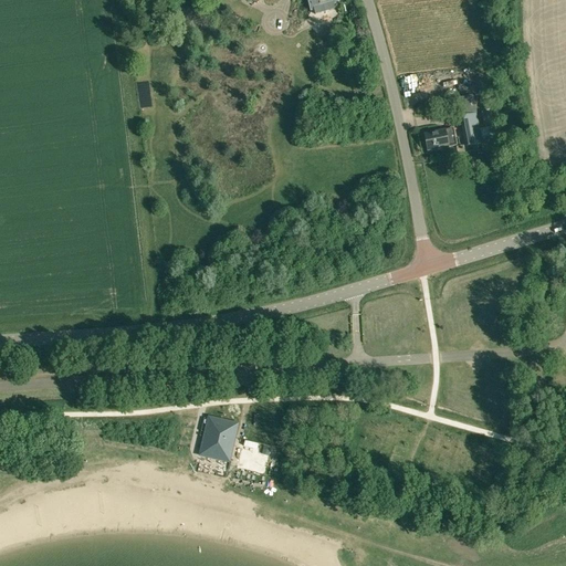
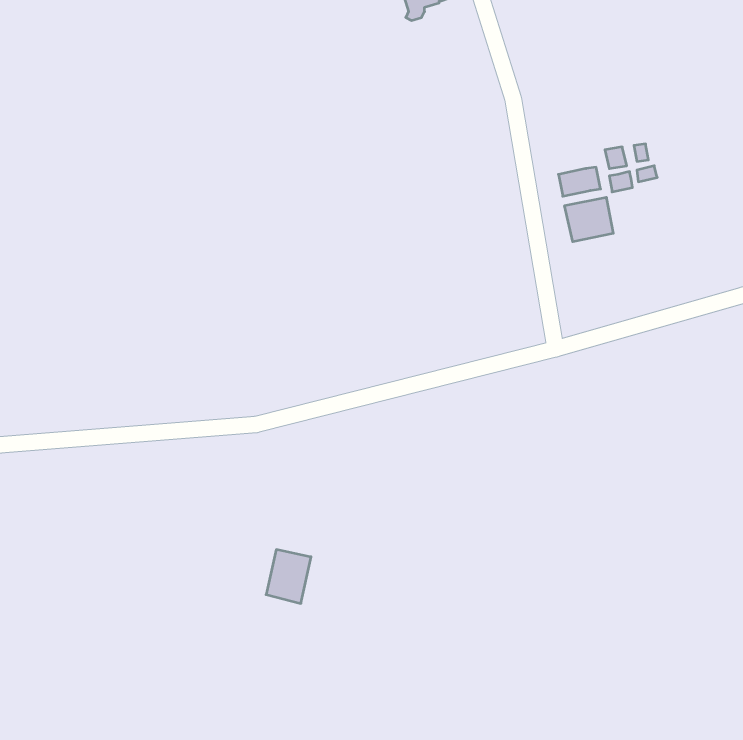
building: none -> [565,197,613,242]

